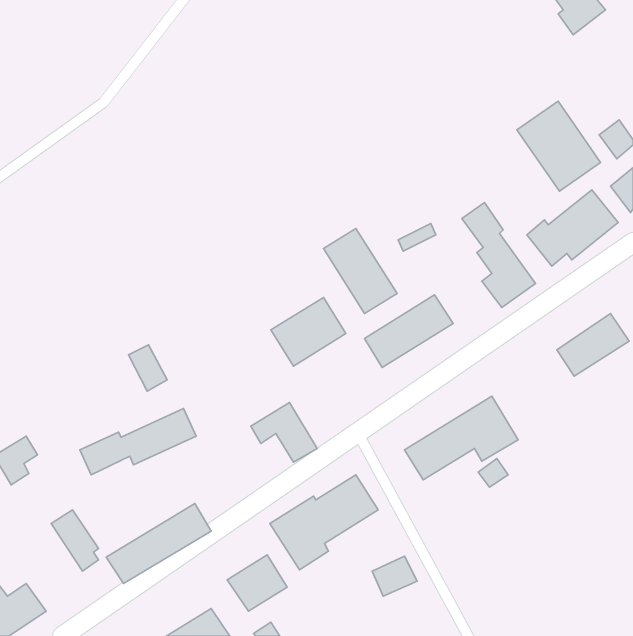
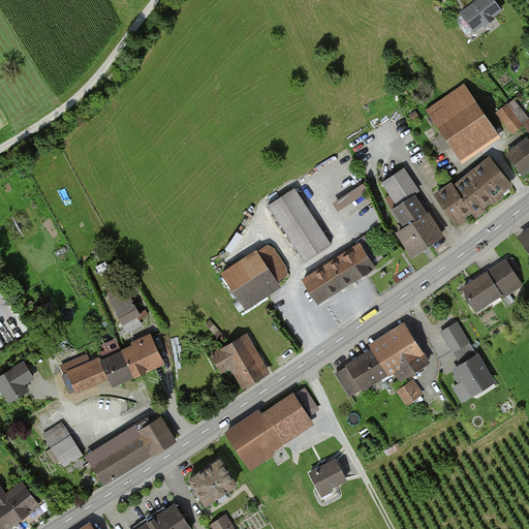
building: none -> [439,321,494,403]

